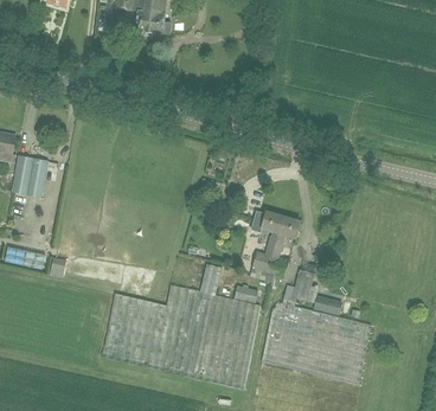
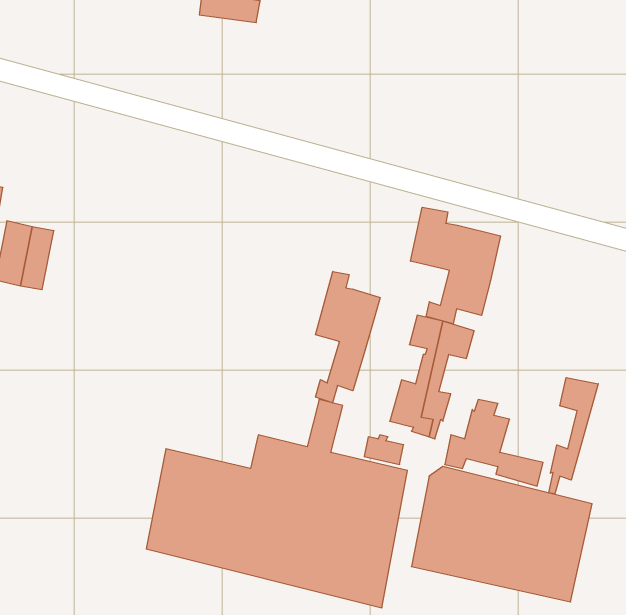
building: none -> [411,207,501,324]
building: none -> [315,271,380,403]
building: none -> [549,378,598,494]

